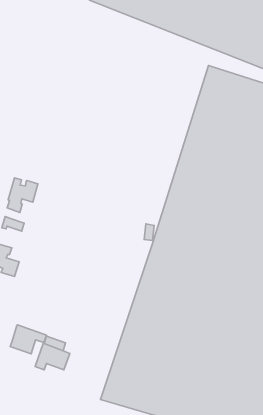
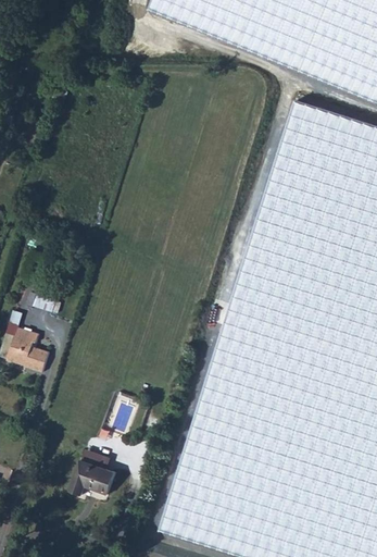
building: [7,178,38,213] -> none
building: [10,325,47,354] -> none

